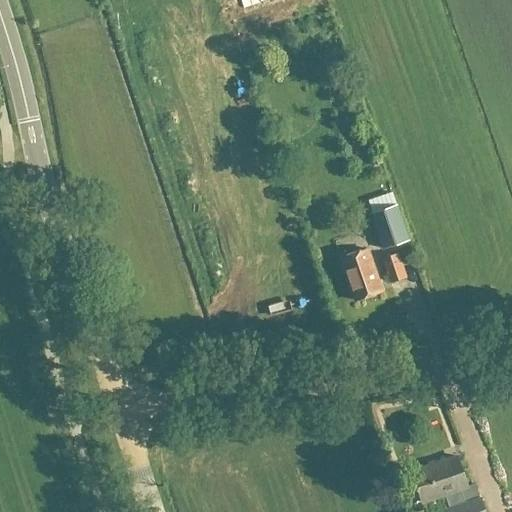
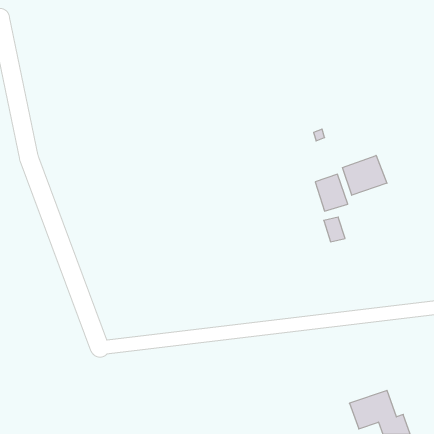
building: none -> [342,155,387,195]
building: [342,250,382,301] -> none

